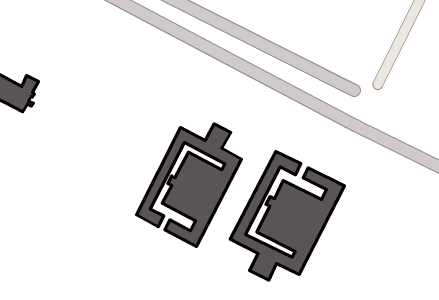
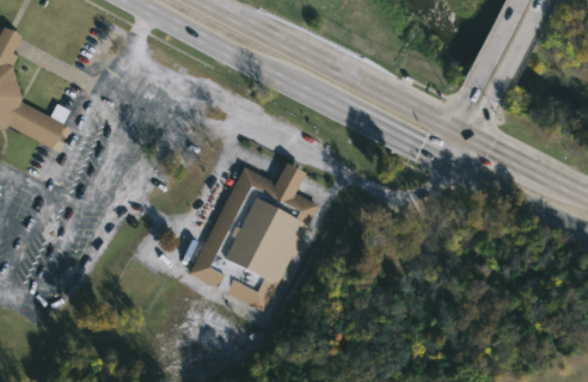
building: [230,151,344,280] -> none

